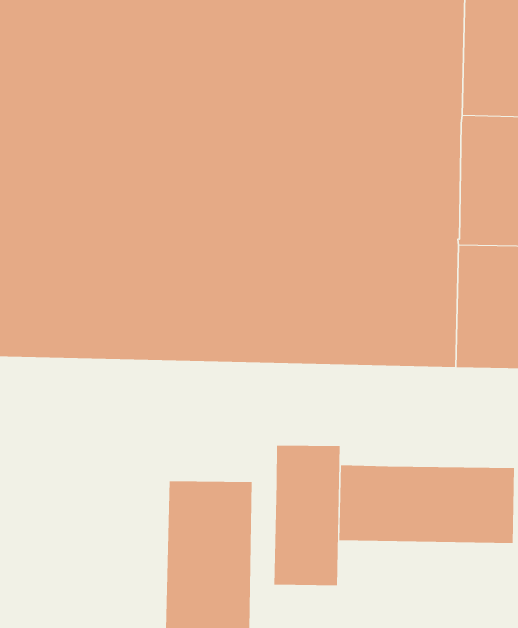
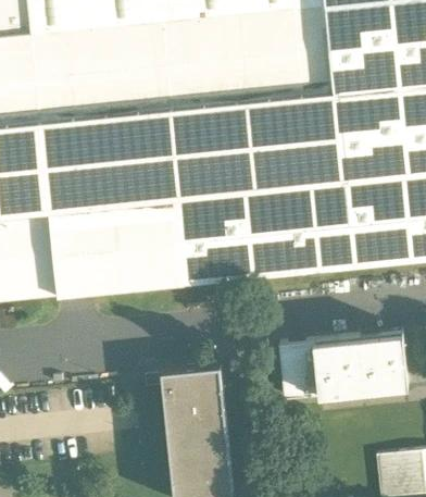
building: [274,445,340,586] -> none

